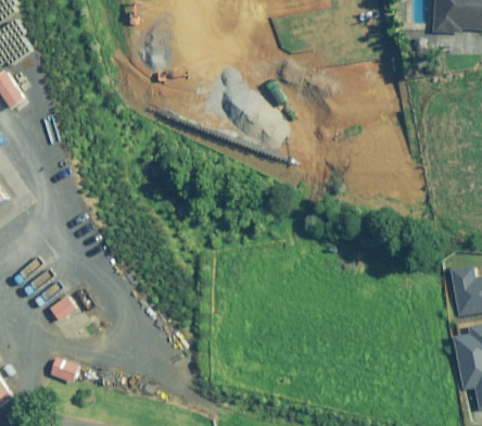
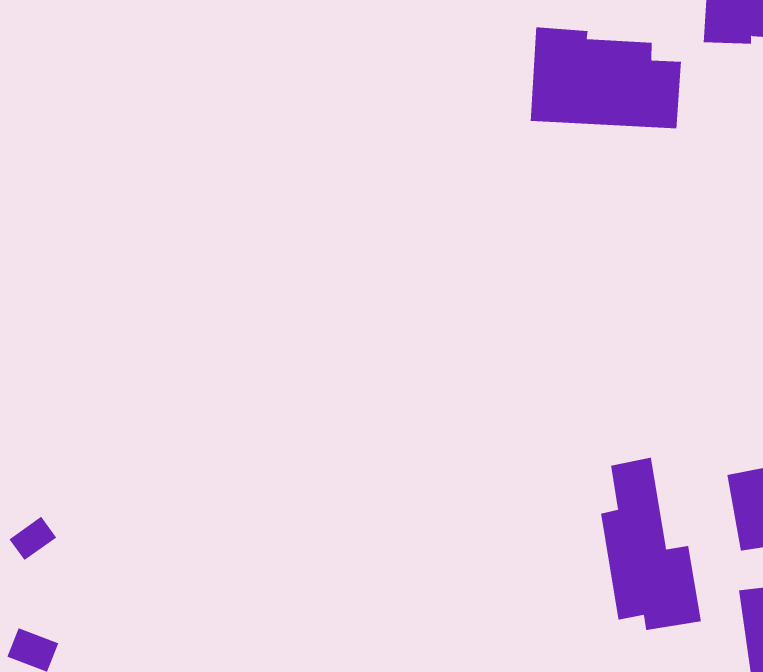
building: none -> [530,26,681,129]
building: none -> [600,457,701,631]

